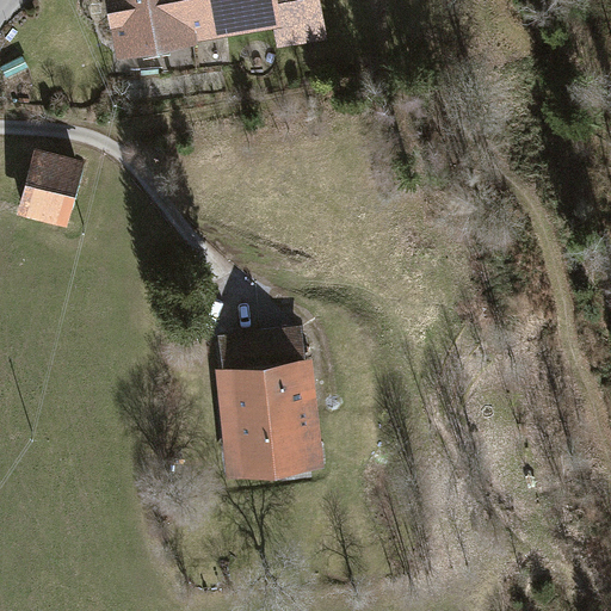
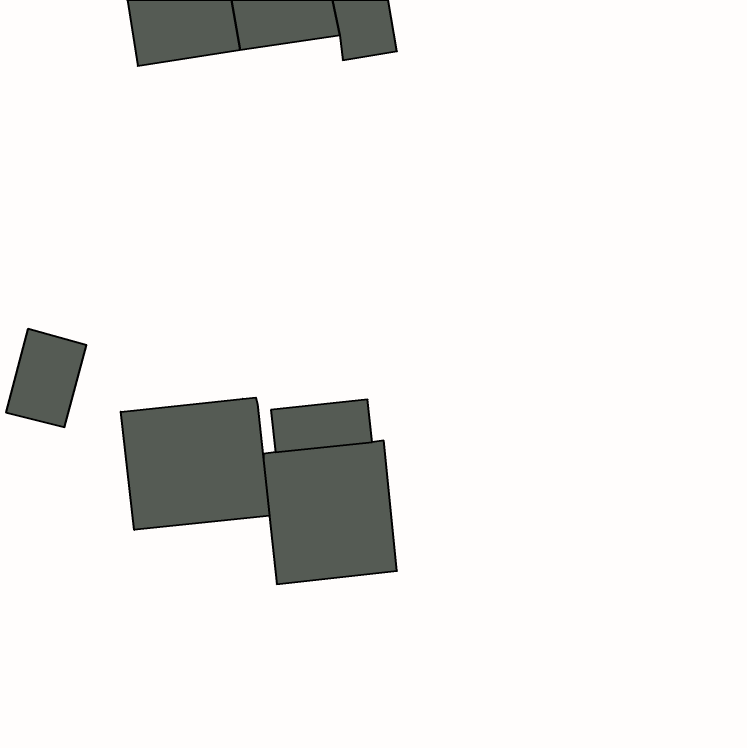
building: [19,147,85,227] -> [6,329,86,427]
building: none -> [121,398,270,530]

